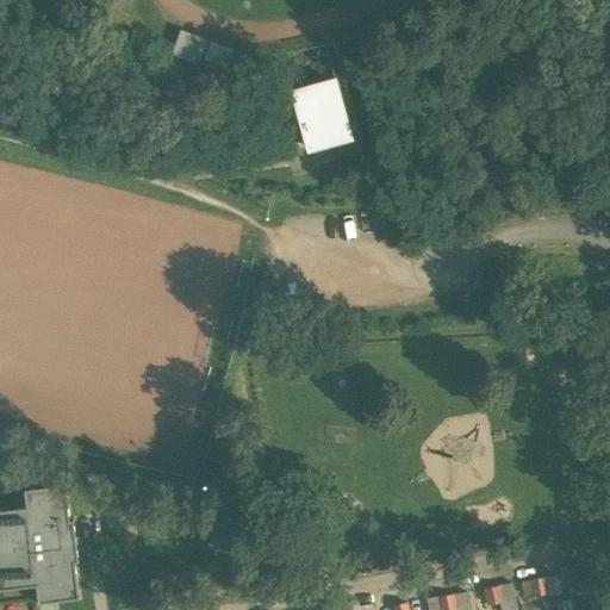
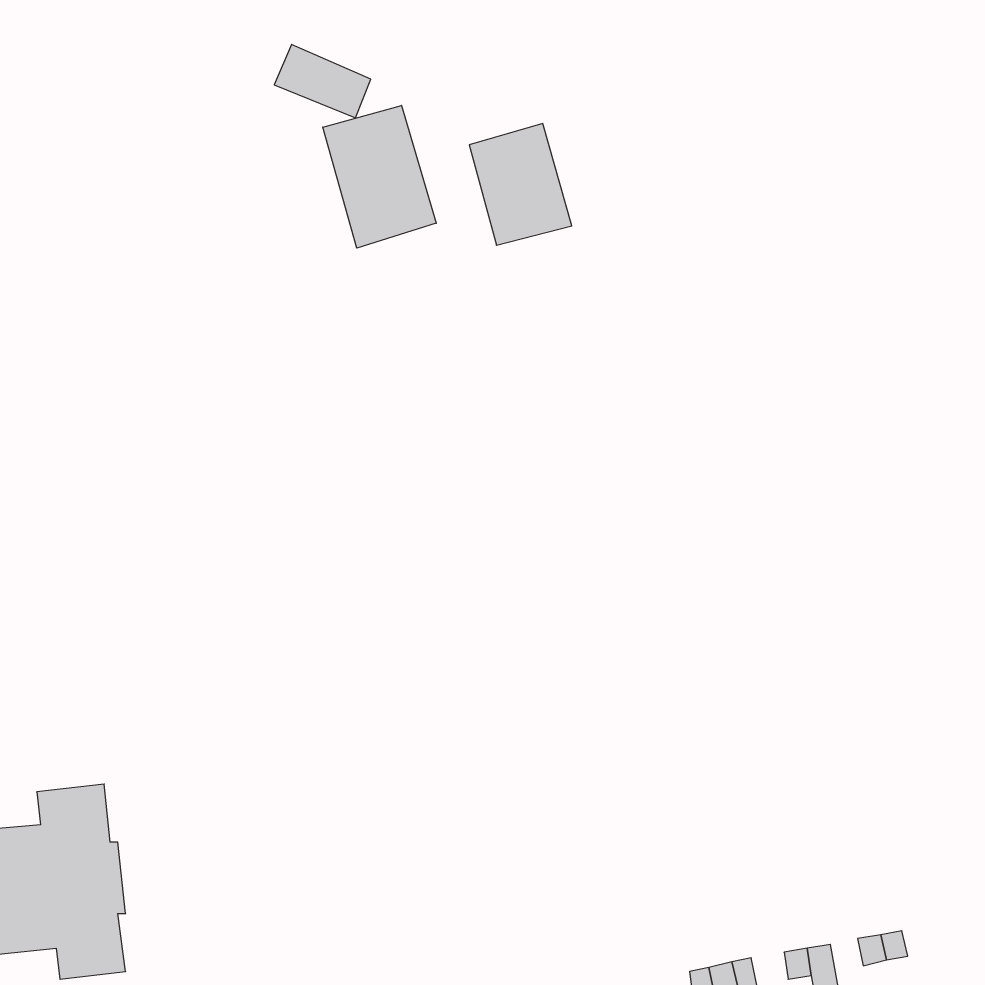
building: none -> [323,105,436,248]

